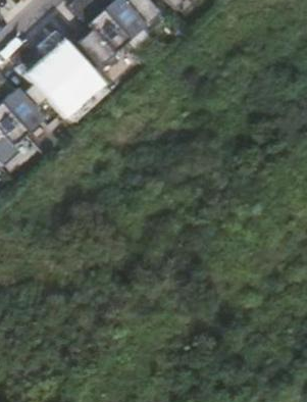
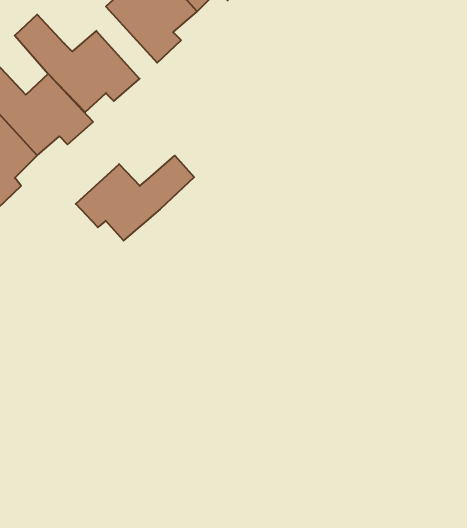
building: none -> [76,156,194,241]

